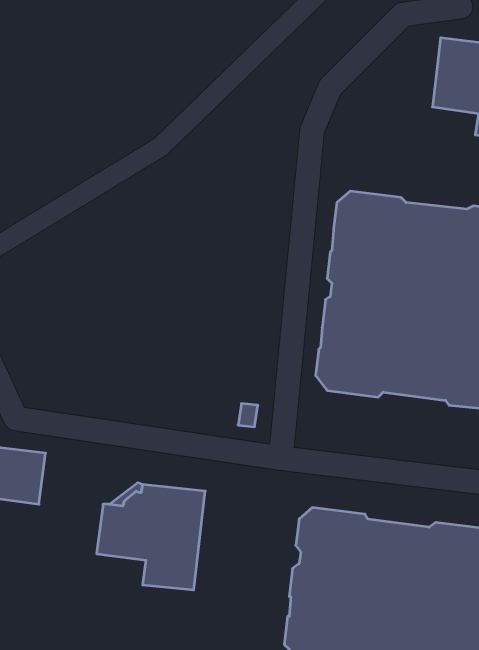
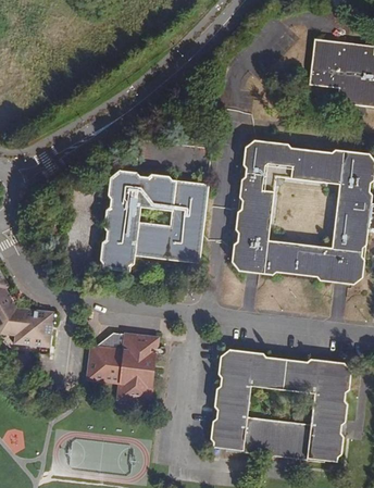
building: none -> [99,171,209,273]

